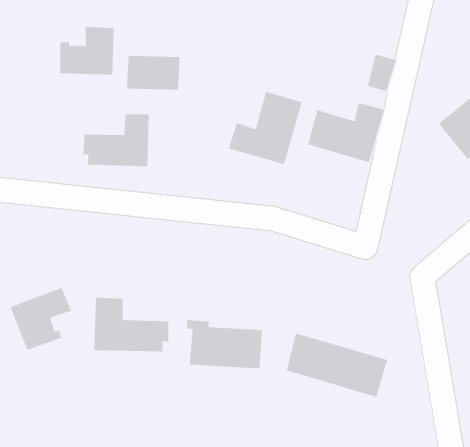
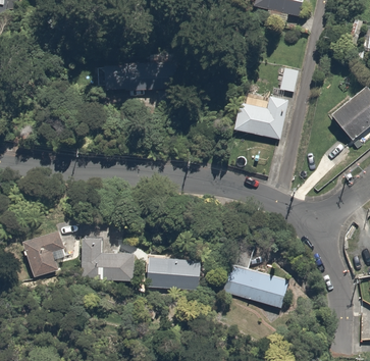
building: [59,26,115,76] -> none
building: [228,91,303,165] -> none
building: [83,113,150,167] -> none

